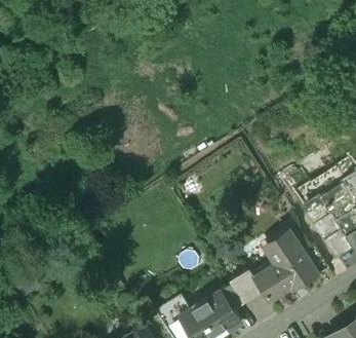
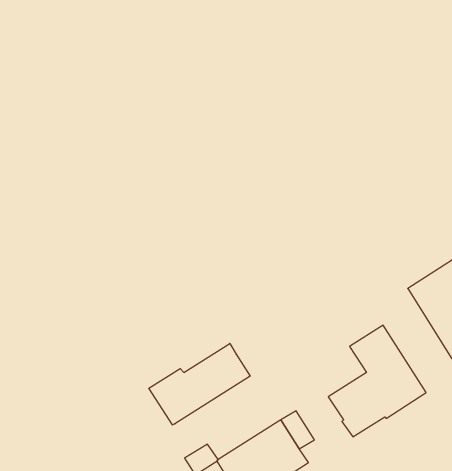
building: none -> [149,343,250,425]
building: [229,270,263,306] -> none

